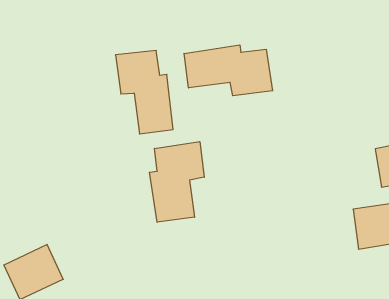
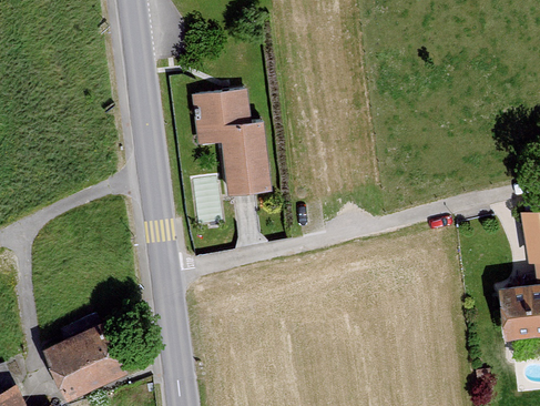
building: [184,45,273,96] -> none
building: [149,142,204,222] -> none

